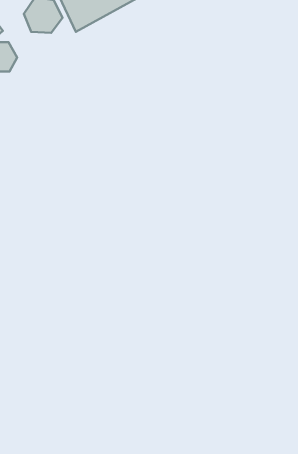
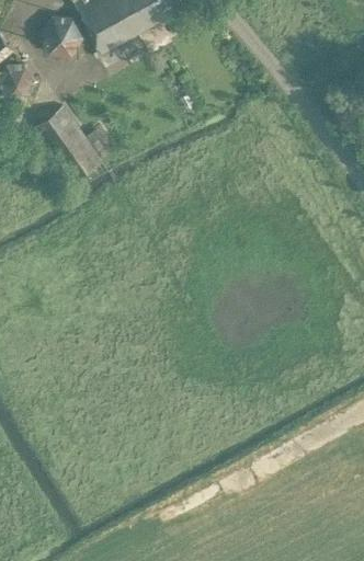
building: none -> [36,104,103,176]

